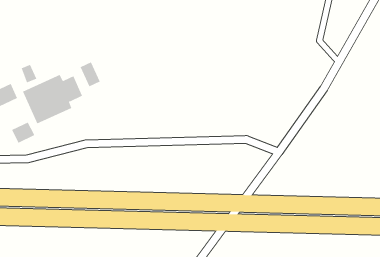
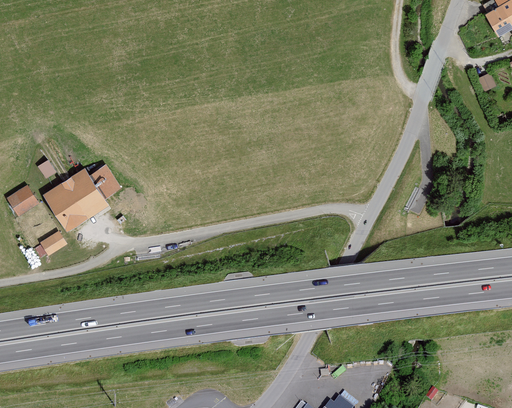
building: [80,61,100,87] -> none

